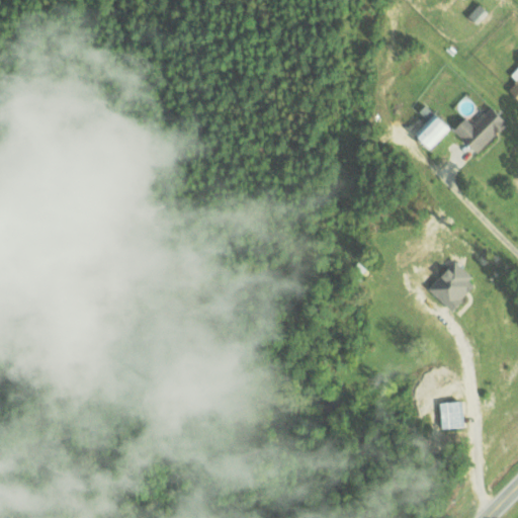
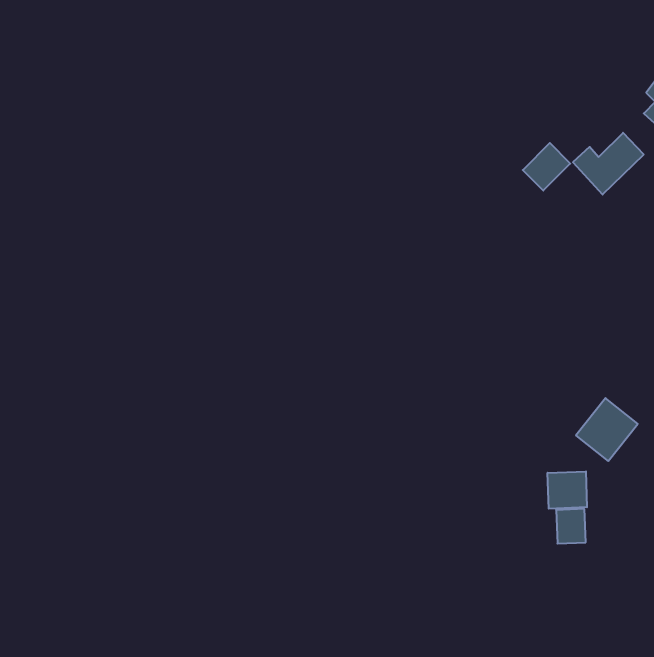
building: [429,261,478,311] -> [576,398,638,461]
building: none -> [548,471,587,509]

